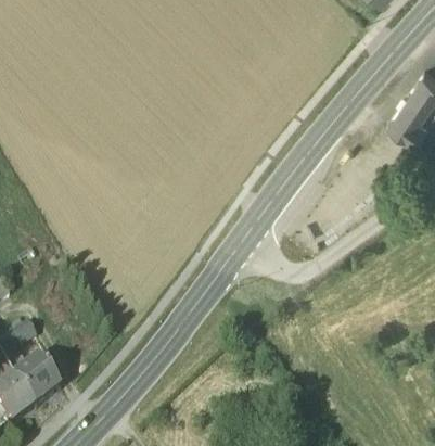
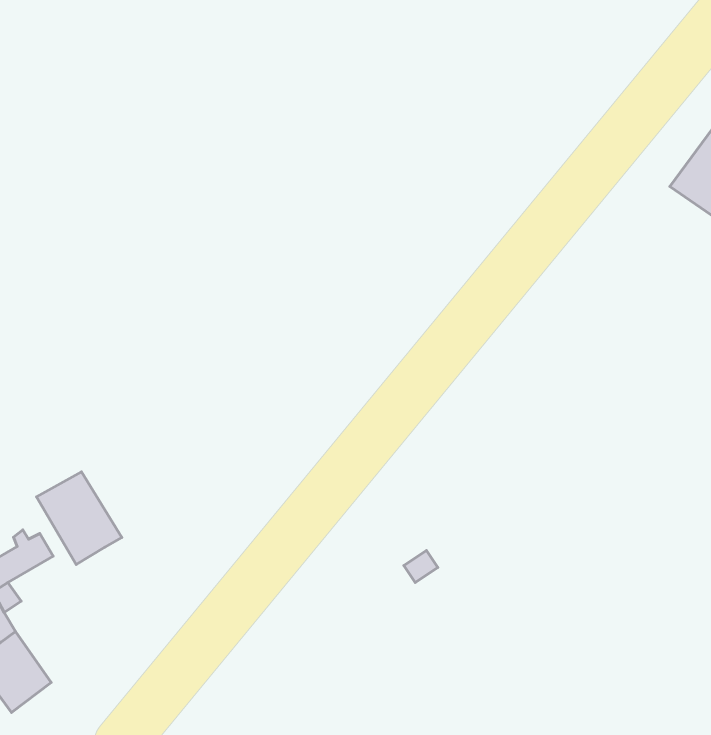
building: none -> [36,472,122,565]
building: [15,358,61,406] -> none

